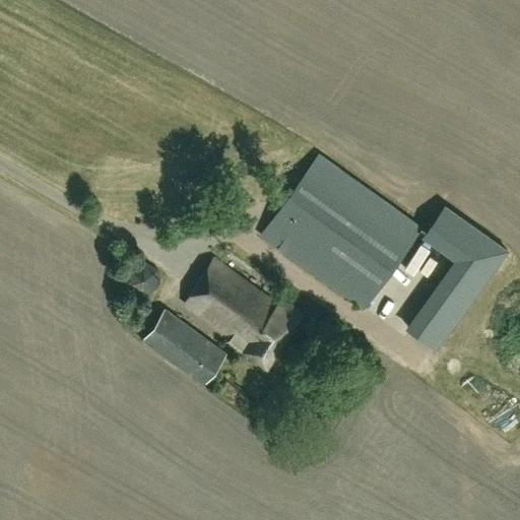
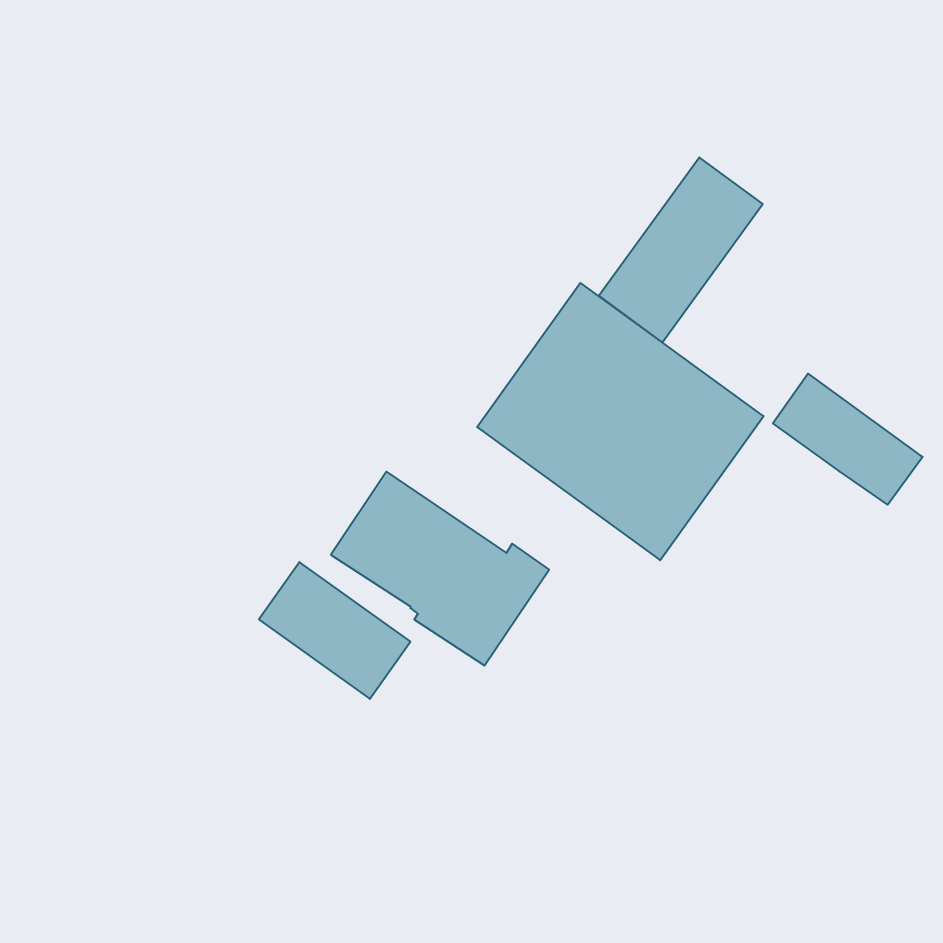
building: none -> [599,157,763,342]
building: [410,260,489,349] -> none

